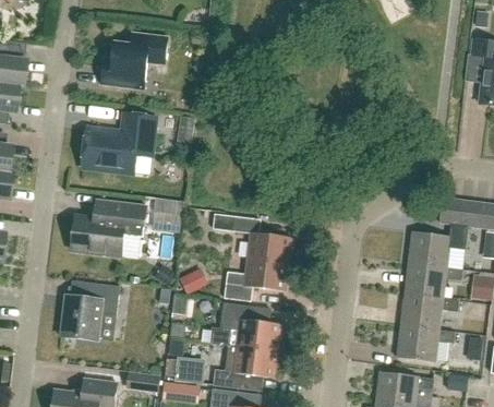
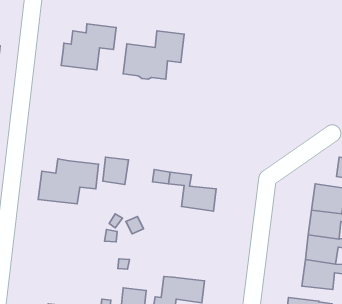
building: [82,112,157,172] -> [123,31,184,79]
building: [225,259,288,301] -> none
building: [61,283,120,340] -> none
building: [221,303,280,350] -> none

